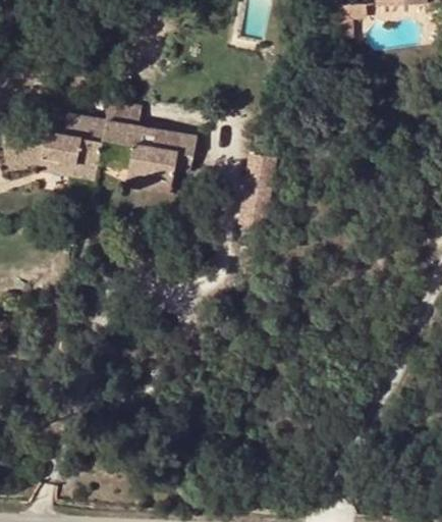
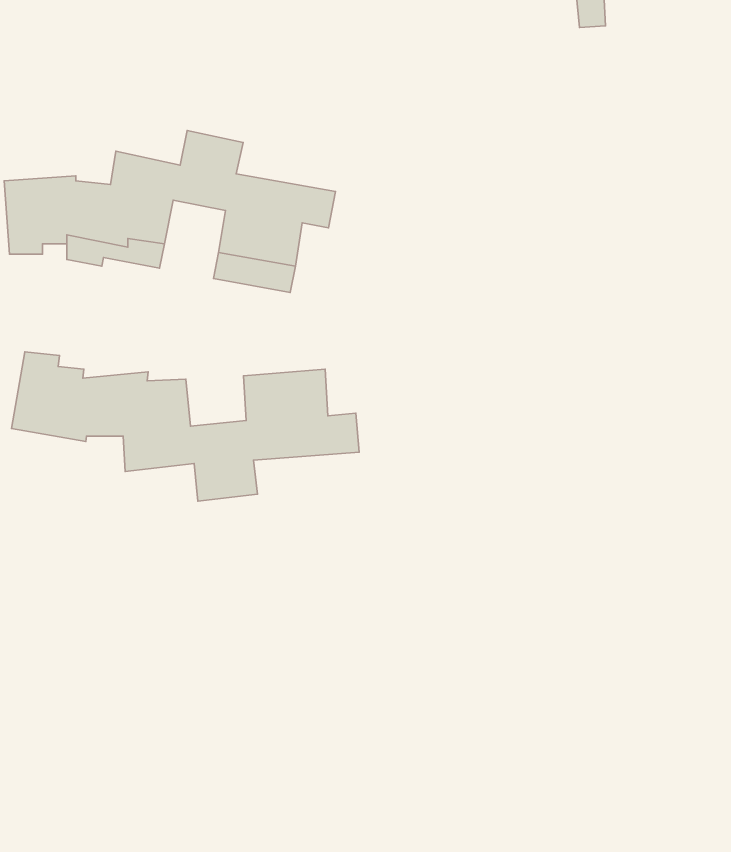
building: none -> [12,352,359,501]

